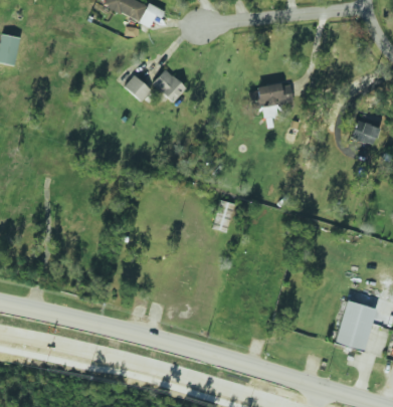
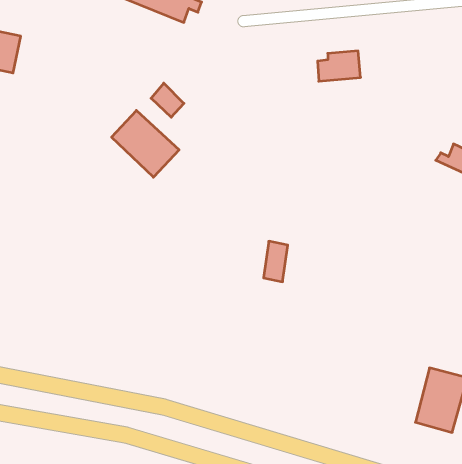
building: [154,67,187,101] -> none
building: [251,82,285,107] -> [318,51,361,81]
building: none -> [112,110,179,177]

